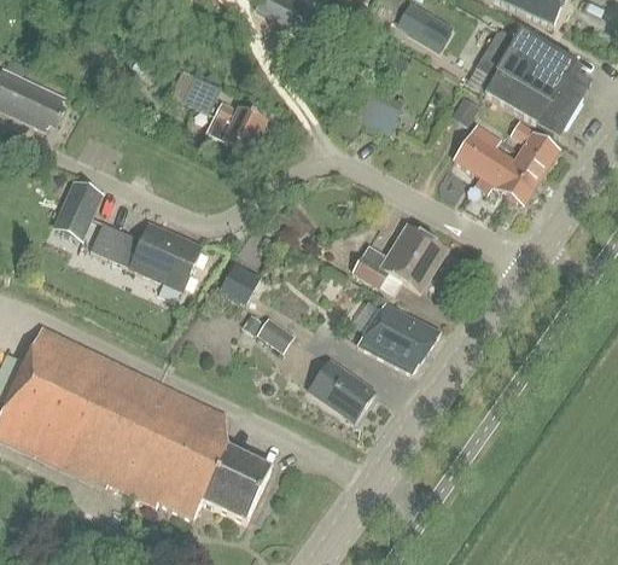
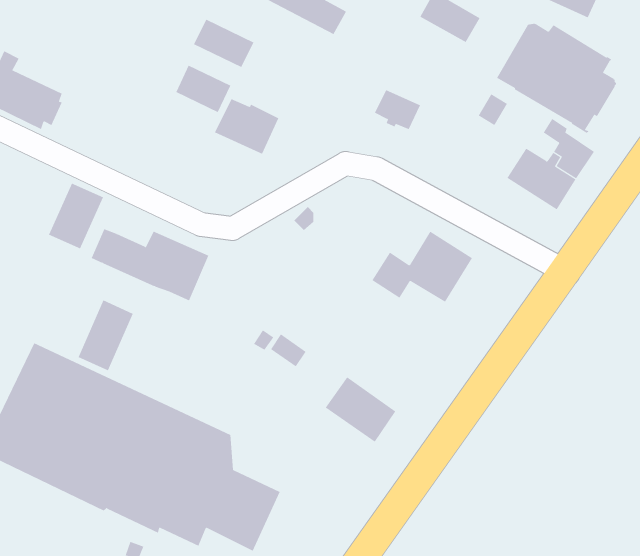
building: none -> [193,19,254,68]
building: [455,123,502,175] -> none
building: [220,262,261,304] -> none
building: none -> [78,300,134,371]
building: [358,302,442,374] -> none

